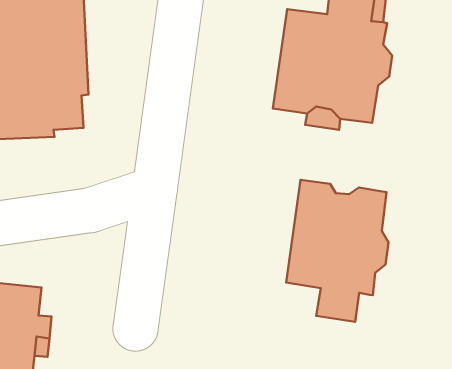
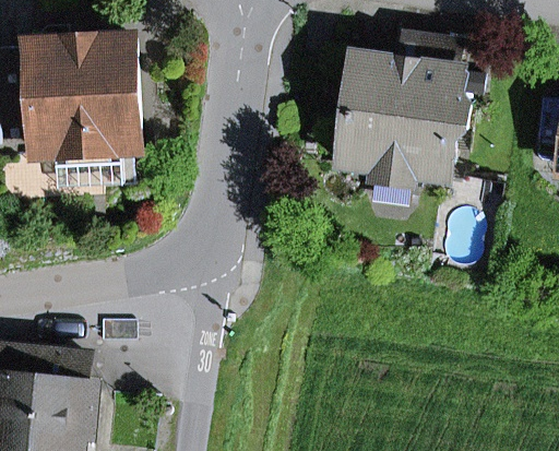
building: [286,180,389,322] -> none

